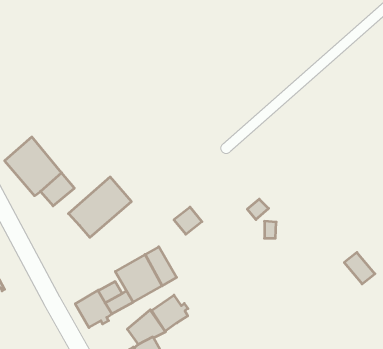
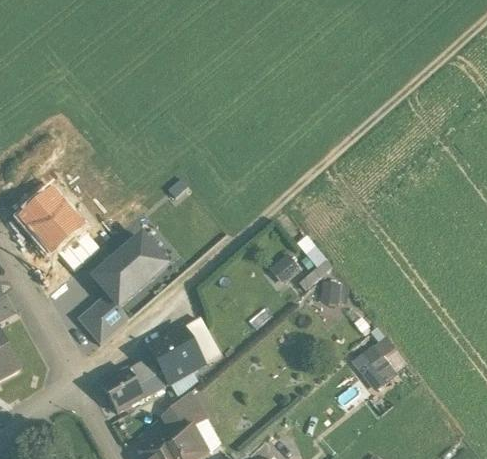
building: [174,207,202,234] -> [269,250,302,282]
building: none -> [77,293,126,344]
building: [344,252,375,284] -> [361,348,397,385]
building: [151,295,188,331] -> none

